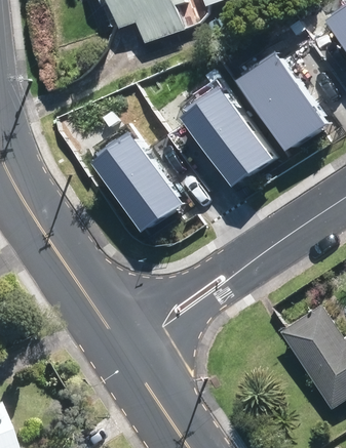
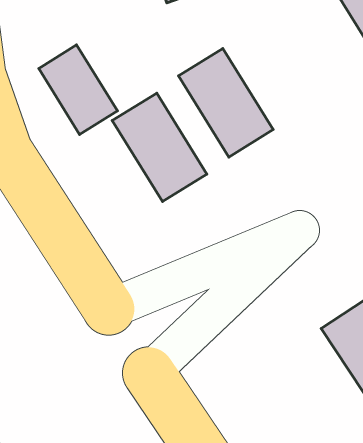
building: [226,42,312,139] -> none
building: none -> [39,45,117,135]

